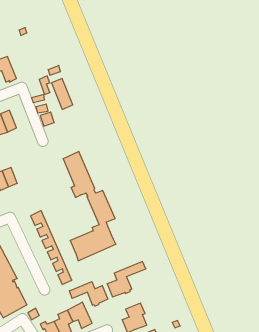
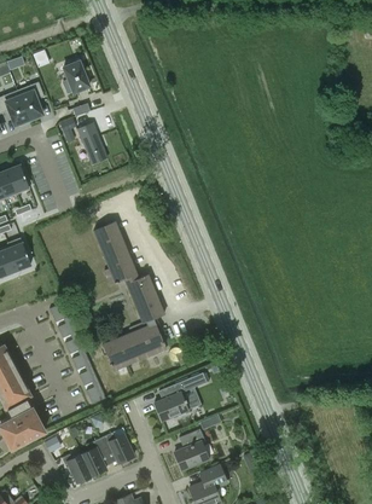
building: none -> [63,60,89,93]
building: none -> [17,82,43,121]
building: [69,282,108,306] -> none

